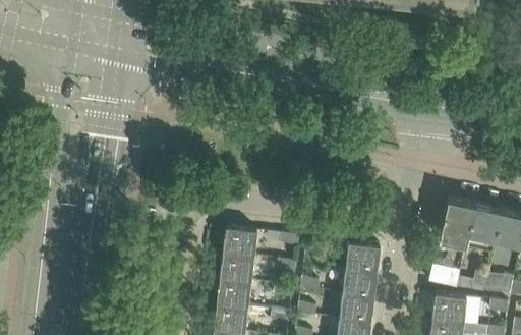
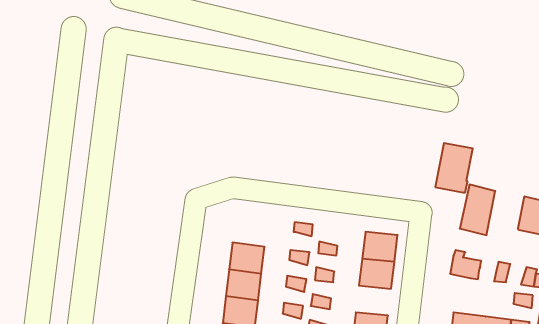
building: [464,203,500,249] -> [435,143,473,192]
building: [223,225,257,256] -> none
building: [340,292,373,321] -> none
building: [432,292,466,322] -> none

